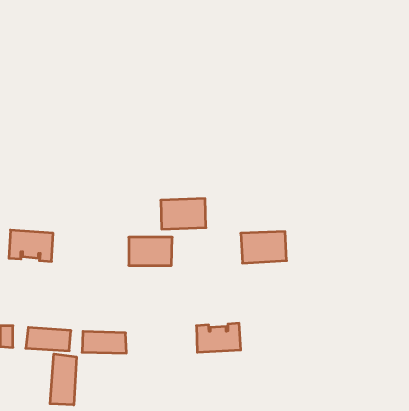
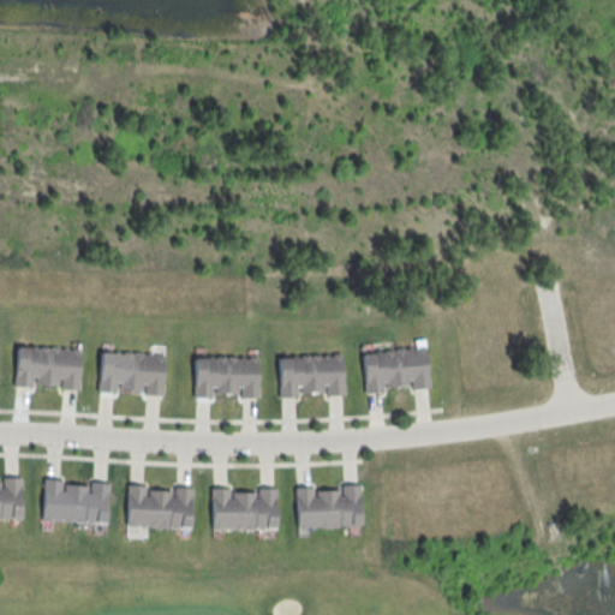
building: [161,199,206,229] -> [279,352,346,398]
building: none -> [100,348,167,395]
building: none -> [214,497,277,529]
building: [50,354,76,405] -> none

